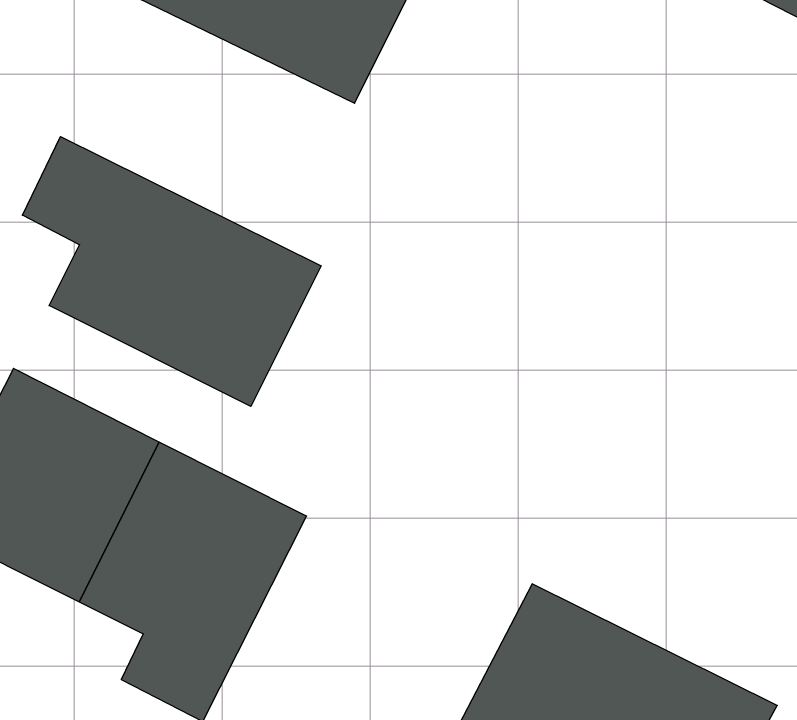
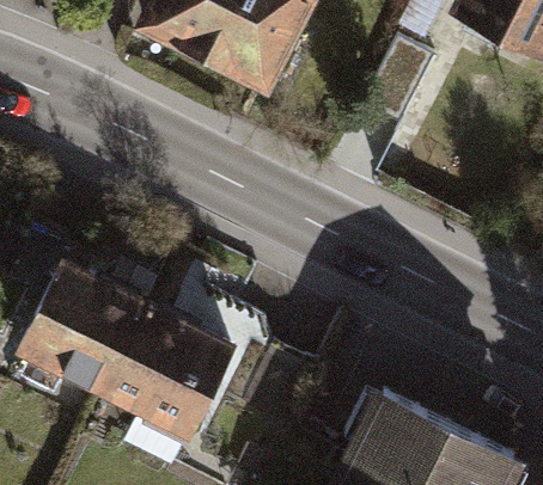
building: [22,137,321,406] -> none

